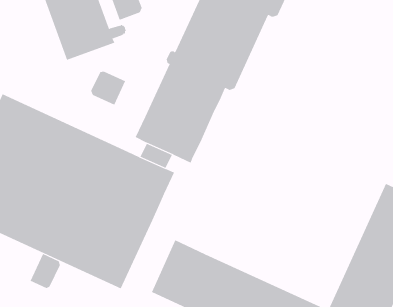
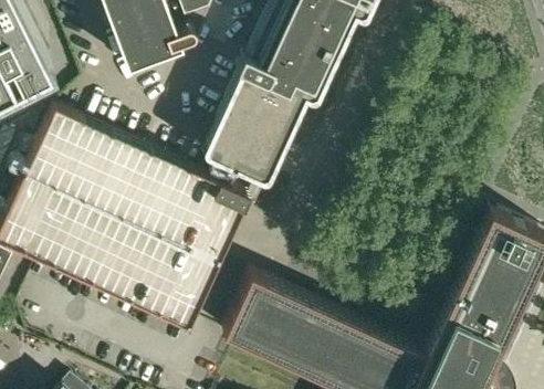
building: [91,71,126,105] -> none
building: [30,253,60,289] -> none

